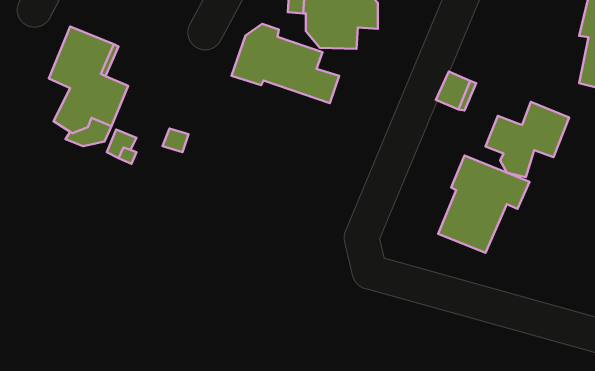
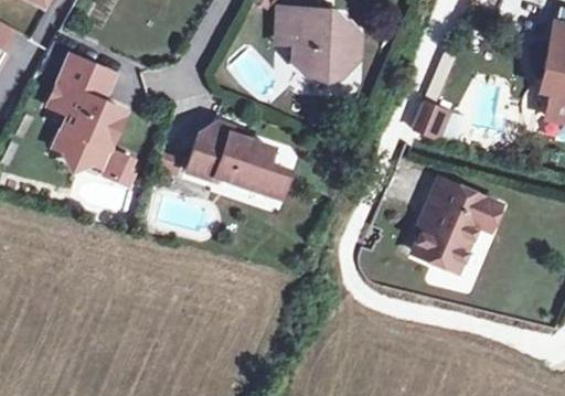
building: [231,24,339,103] -> [185,121,286,195]
building: [486,102,569,177] -> none

